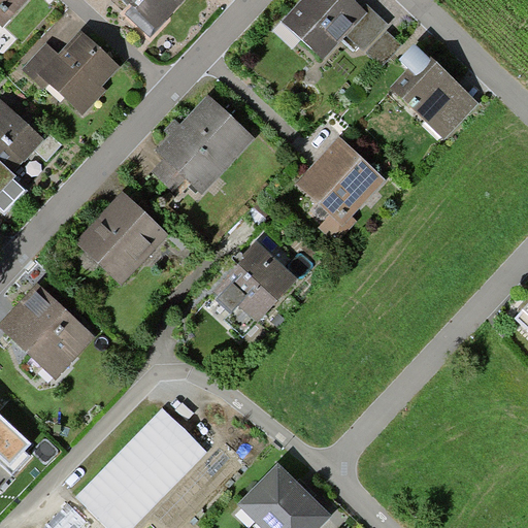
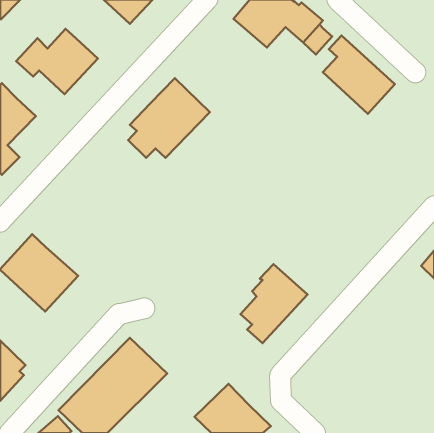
building: [295,138,383,242] -> none
building: [75,191,168,284] -> none
building: [216,239,297,335] -> [240,264,307,343]

